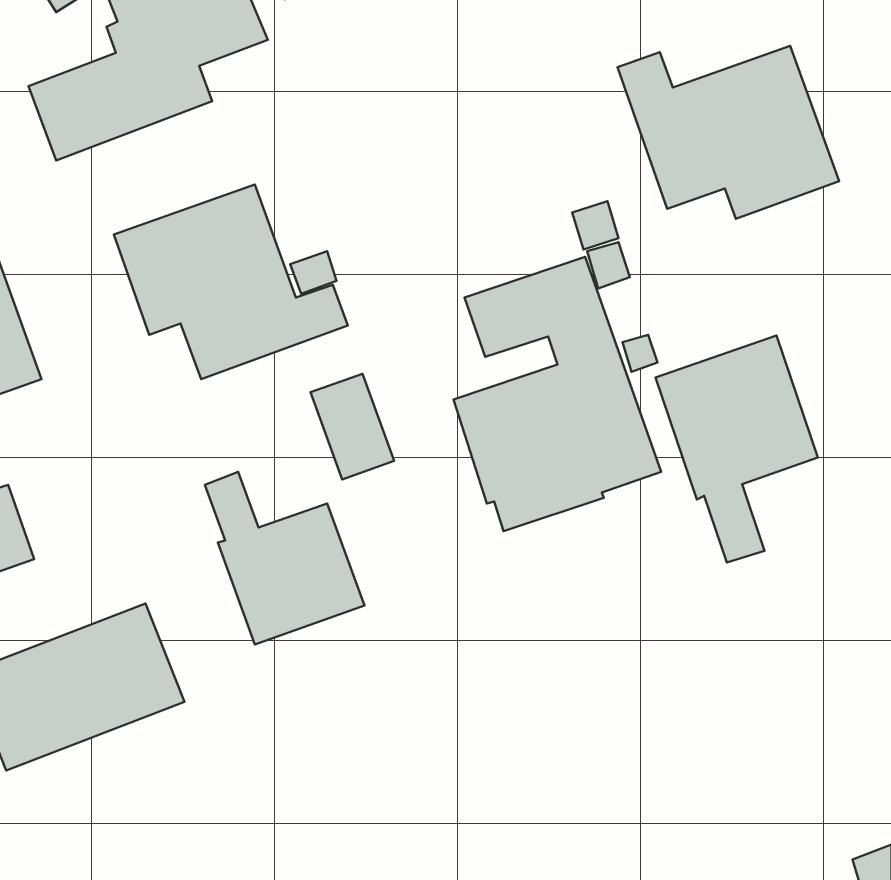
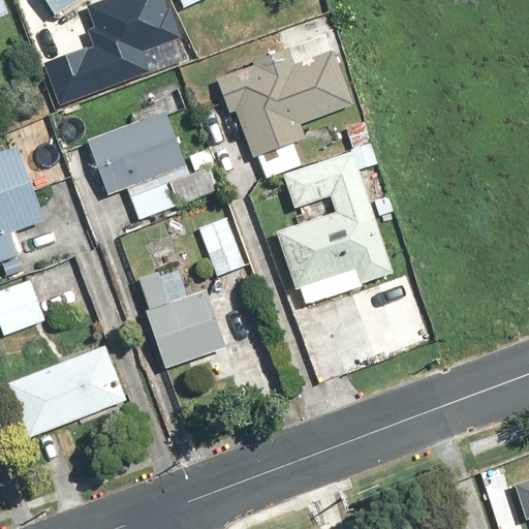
building: [618,46,839,219] -> none
building: none -> [216,48,352,178]
building: [655,335,818,562] -> none

